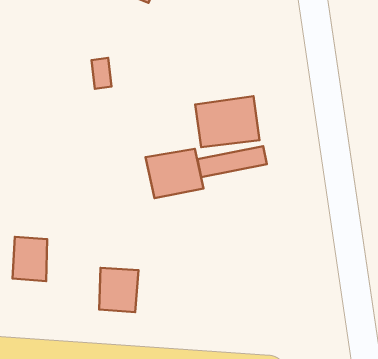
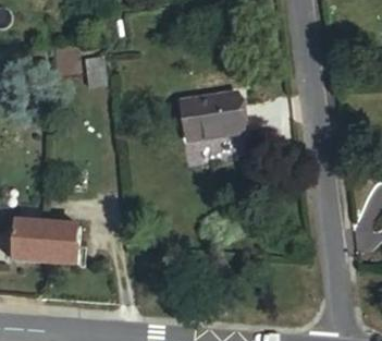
building: [146,149,204,198] -> none
building: [99,268,139,312] -> [44,222,79,263]

